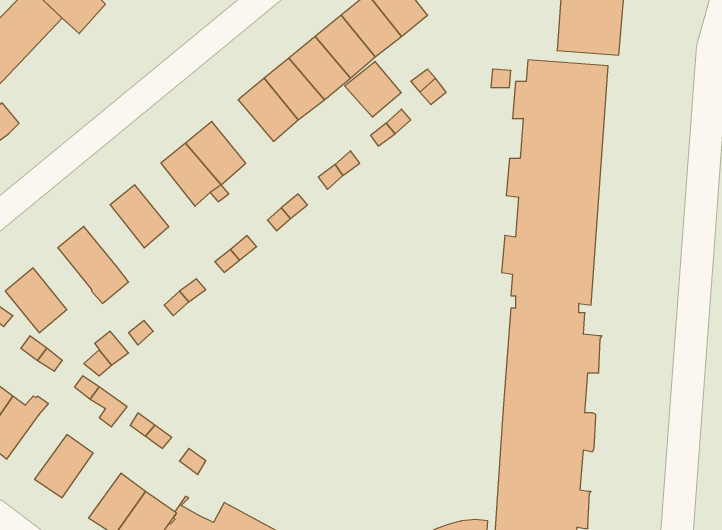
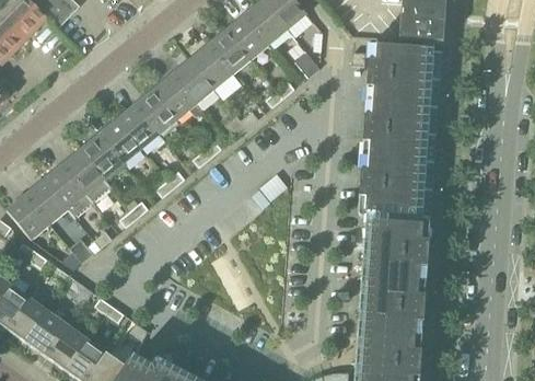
building: [345,61,401,117] -> none
building: none -> [153,73,197,118]
building: none -> [98,118,141,163]
building: none -> [62,148,112,203]
building: none -> [26,178,68,222]
building: none -> [8,297,50,343]
building: none -> [47,324,89,370]

